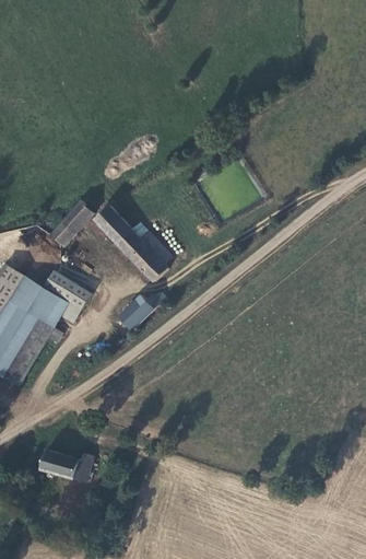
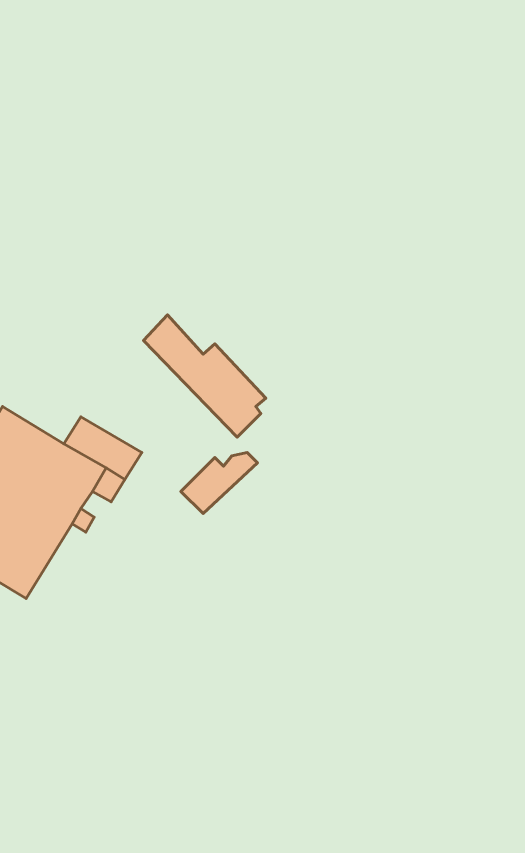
building: [48,199,95,246] -> none
building: [40,451,94,484] -> none

